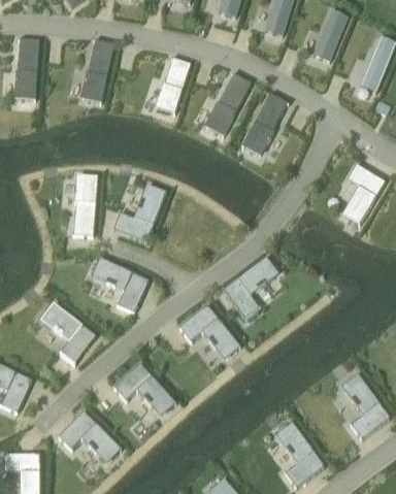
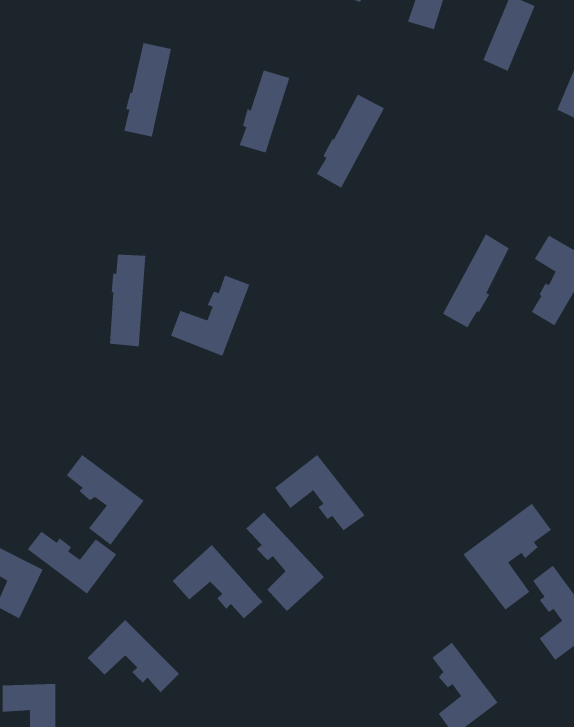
building: [14,38,38,98] -> none
building: [242,93,286,154] -> [442,234,509,328]
building: [223,259,273,317] -> none
building: [95,260,147,312] -> none
building: none -> [462,503,552,610]
building: none -> [246,512,325,612]
building: none -> [27,531,117,595]

